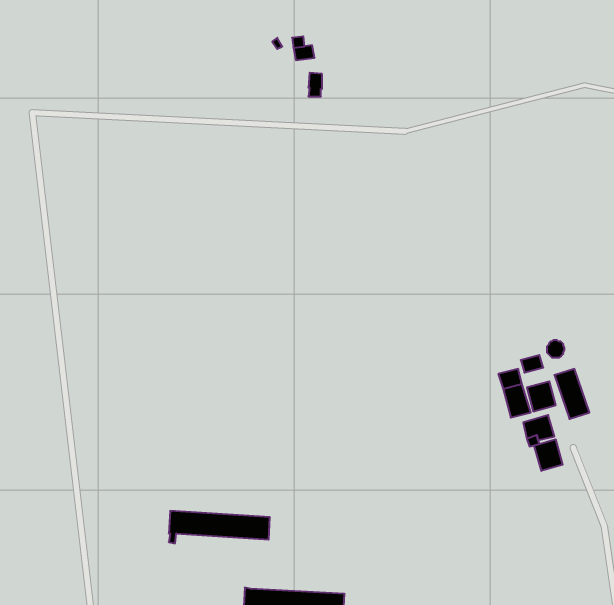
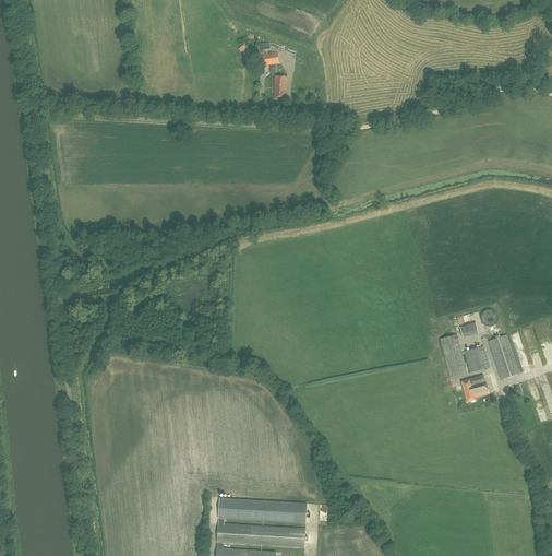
building: [534,439,563,471] -> none
building: [169,511,270,543] -> [217,498,305,527]

